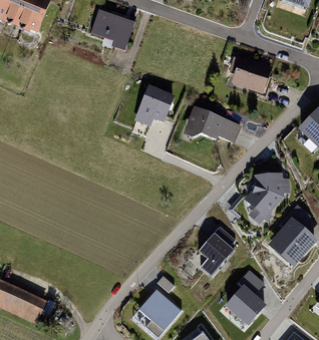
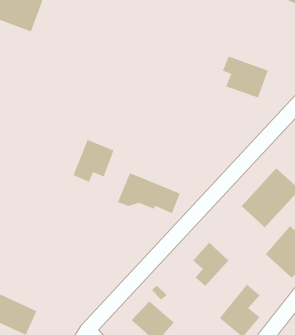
building: [93,7,139,50] -> none
building: [133,84,174,126] -> [73,139,115,183]
building: [181,104,242,144] -> [117,172,181,214]

